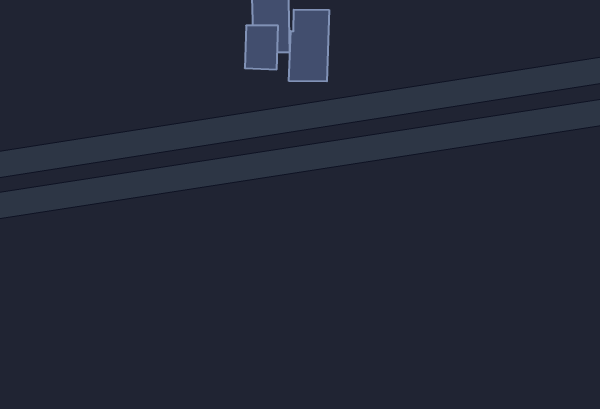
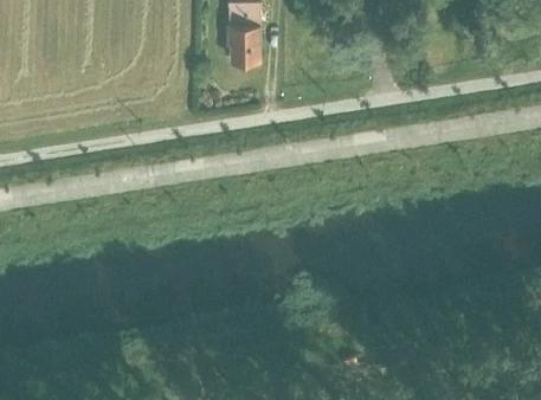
building: [289,10,329,81] -> none

